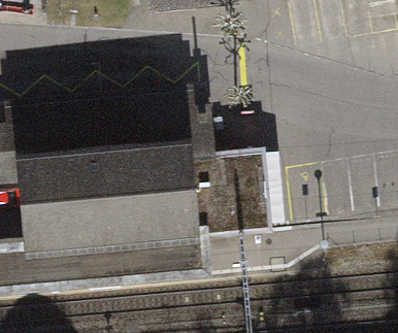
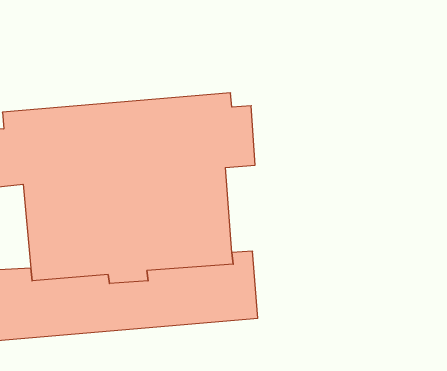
building: [189,156,263,229] -> none

